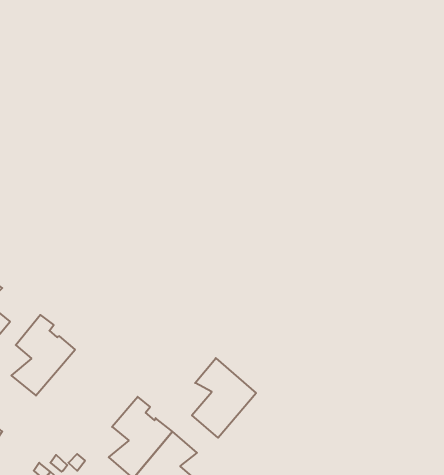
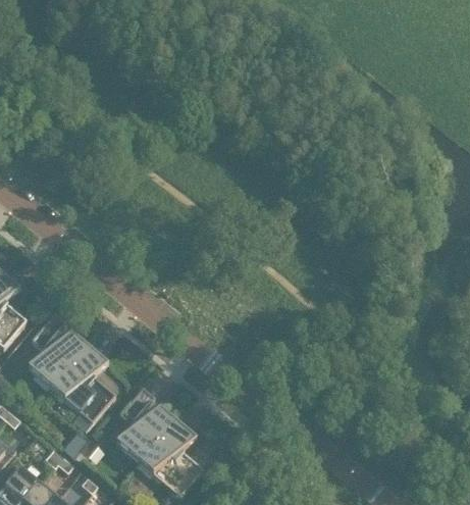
building: none -> [50,345,114,430]
building: [192,358,256,438] -> none

